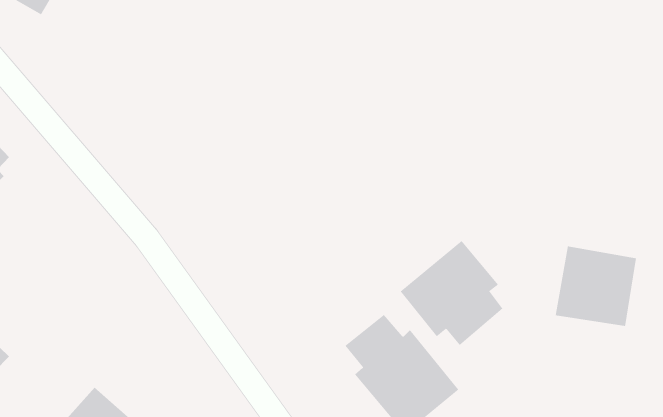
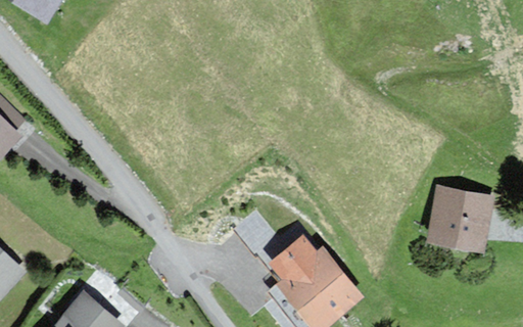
building: [400,240,503,346] -> none

